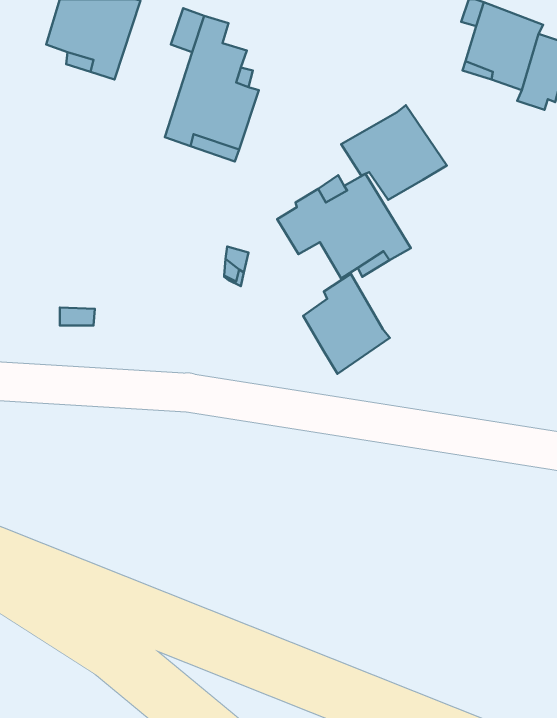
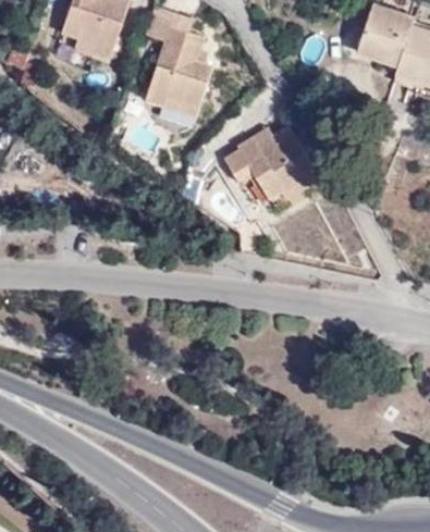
building: [341,105,447,200] -> none
building: [303,274,390,374] -> none

